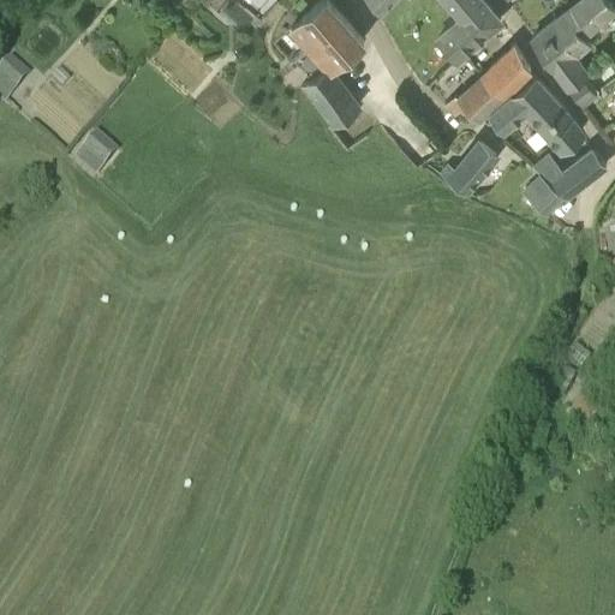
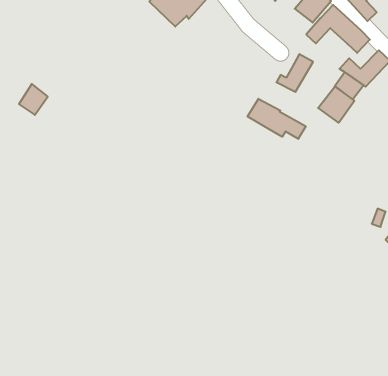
building: [300,68,357,127] -> none
building: [443,77,502,123] -> none
building: none -> [318,87,354,123]
building: none -> [248,99,306,139]

